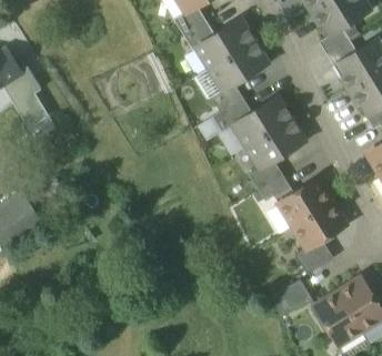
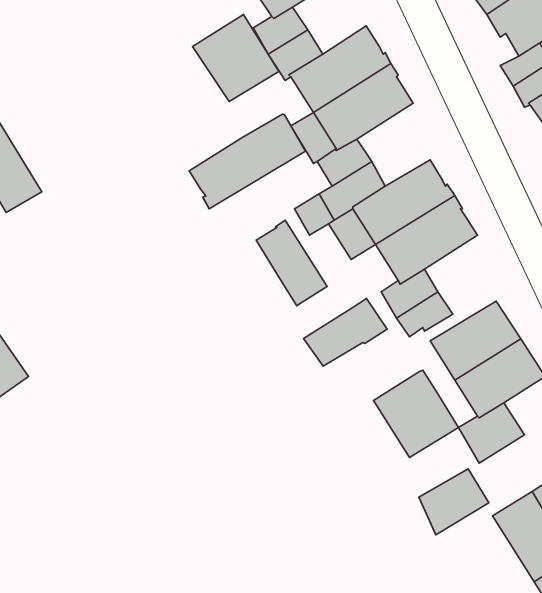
building: none -> [192,14,279,102]
building: none -> [189,114,306,209]
building: none -> [256,220,327,306]
building: none -> [303,298,387,366]
building: none -> [374,370,459,458]

